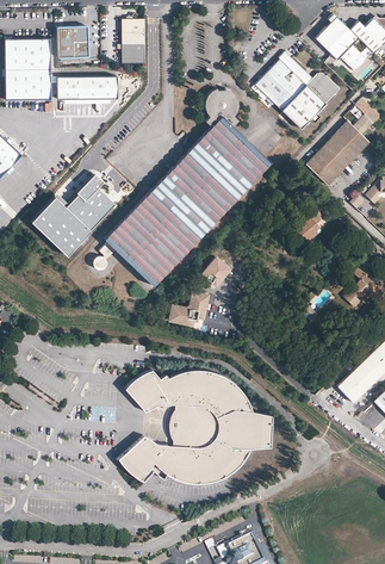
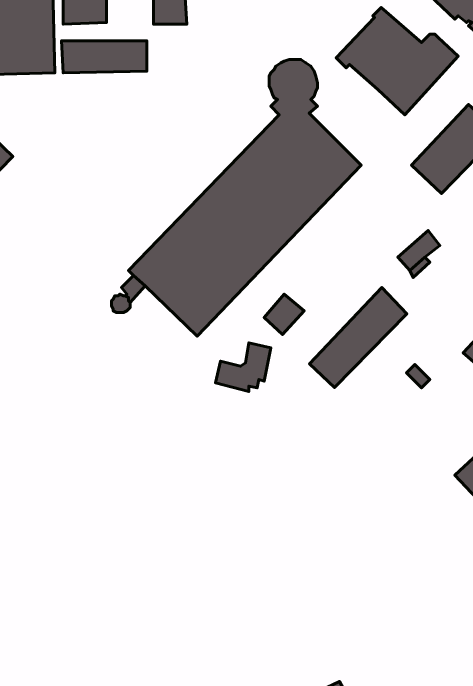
building: [27,173,111,254] -> none
building: none -> [310,287,407,387]
building: [118,370,273,484] -> none

